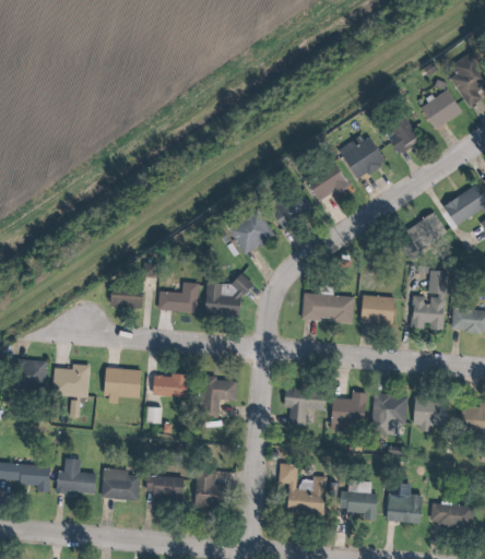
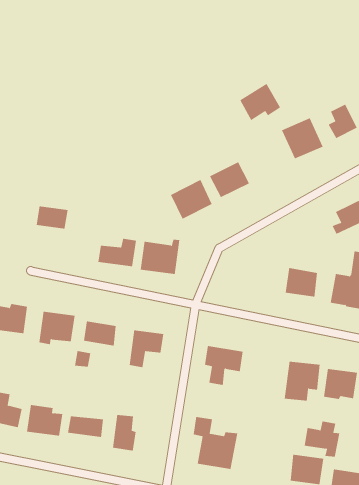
building: [305,160,350,202] -> [239,83,281,121]
building: [109,285,142,307] -> [36,206,68,229]
building: [301,294,354,321] -> none
building: [330,392,366,431] -> none
building: [340,483,377,520] -> [304,421,340,457]

